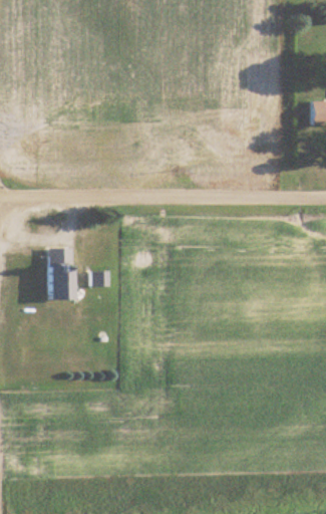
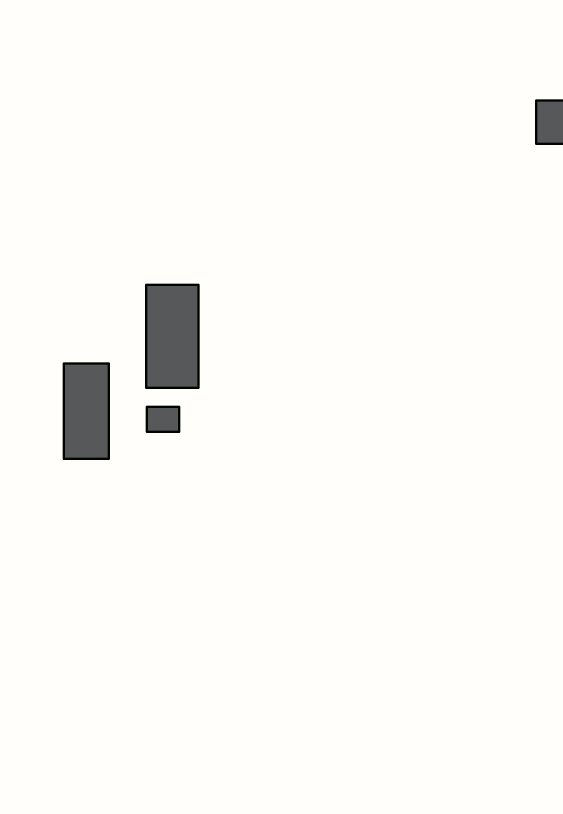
building: none -> [146,285,198,388]

